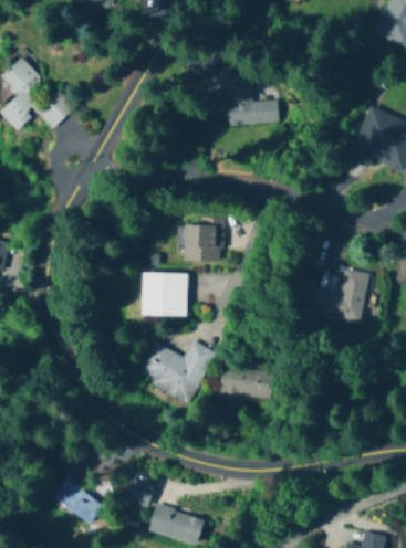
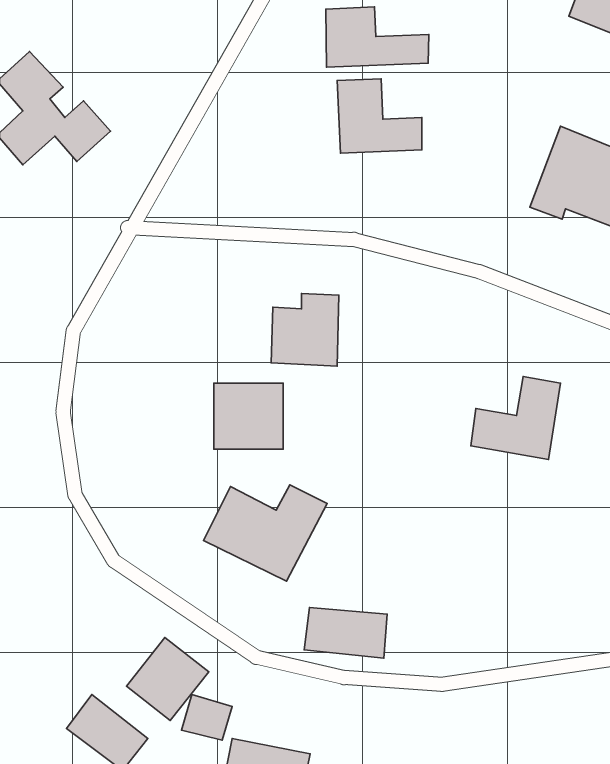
building: none -> [326,7,429,67]
building: [220,366,274,399] -> [304,608,387,658]
building: none -> [126,637,209,721]

